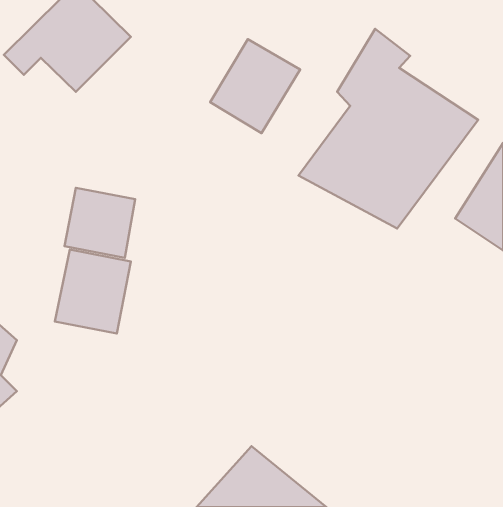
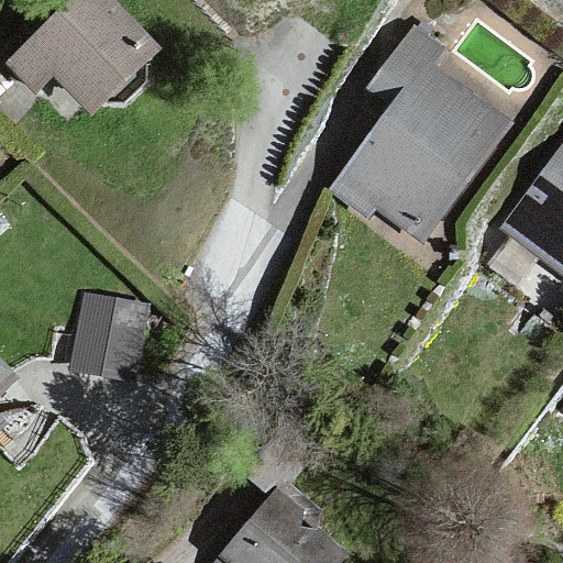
building: [210,39,300,133] -> none
building: [65,188,135,258] -> none

